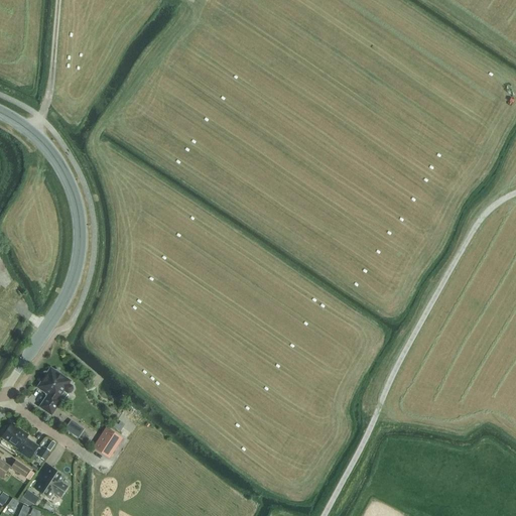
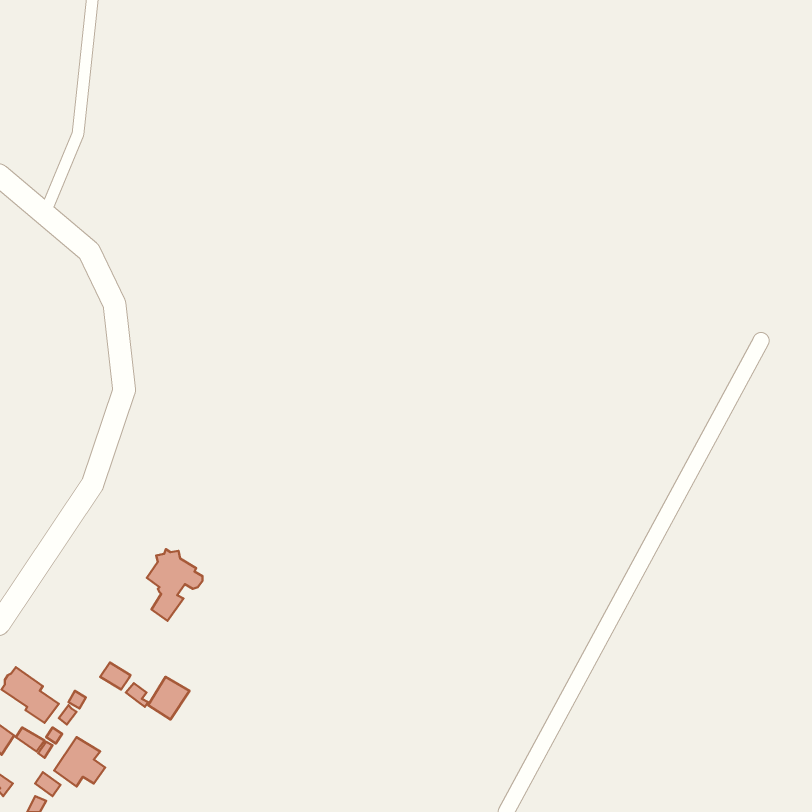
building: [37,368,73,413] -> [147,549,202,621]

